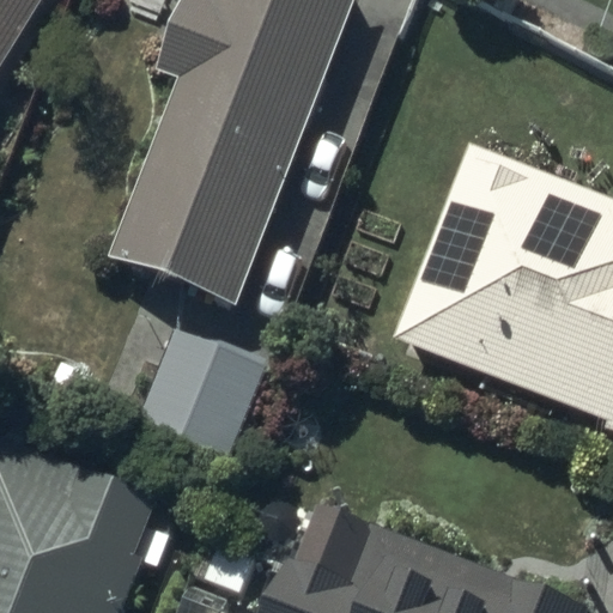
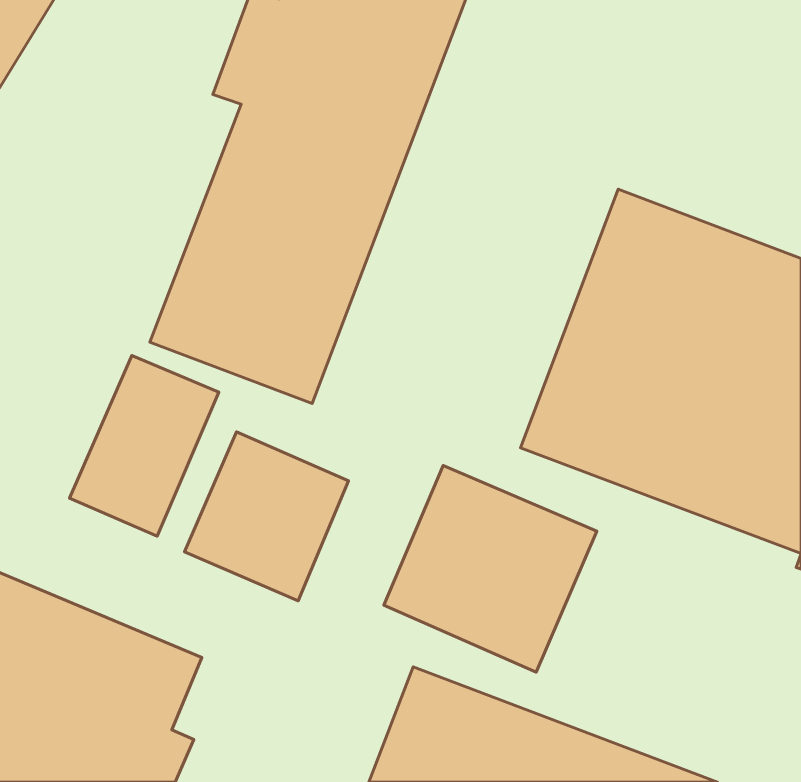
building: none -> [69,356,219,536]
building: none -> [384,465,597,672]

